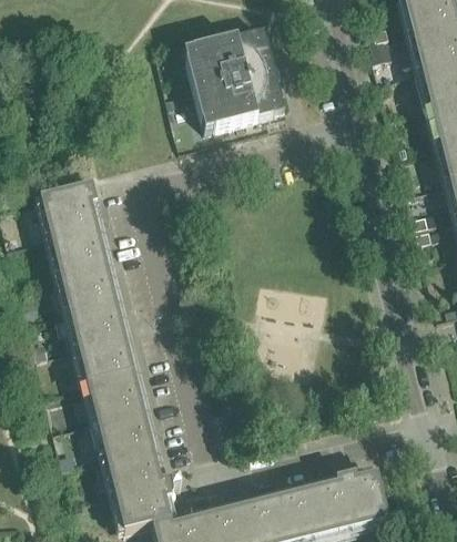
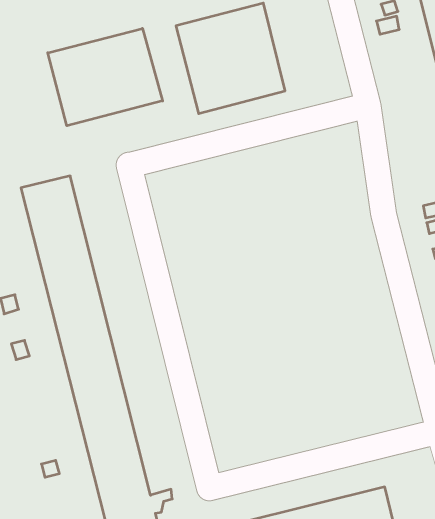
building: none -> [48,28,163,126]

